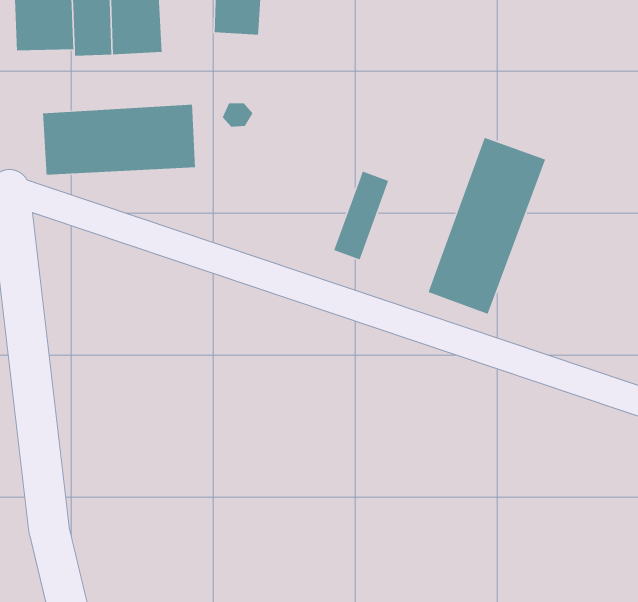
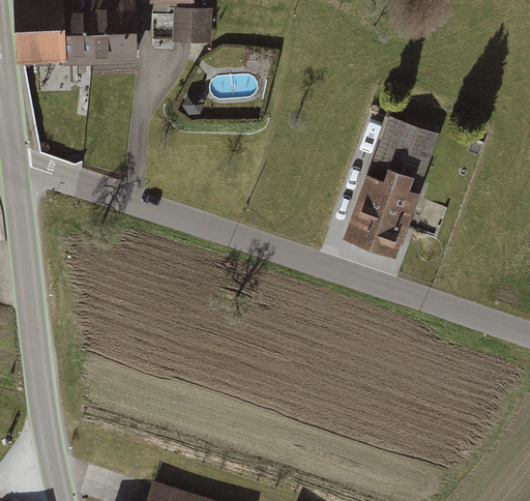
building: [42,104,196,176] -> none
building: [333,171,389,260] -> none

